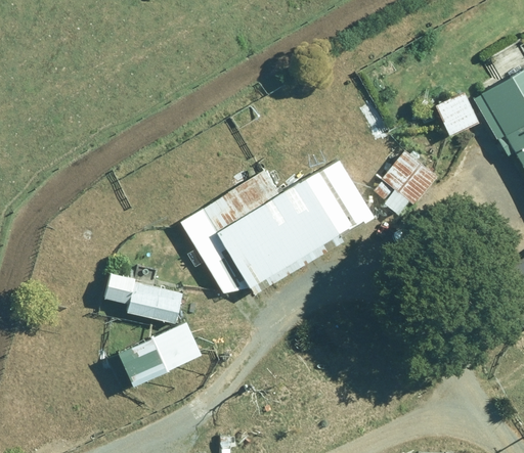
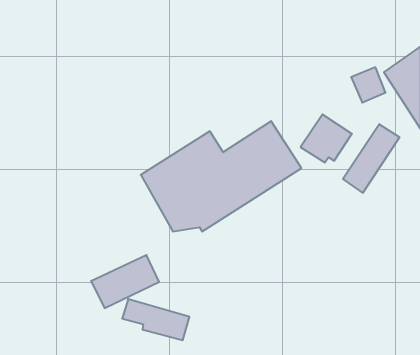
building: none -> [343,124,399,193]
building: [101,273,183,323] -> [122,299,189,340]

